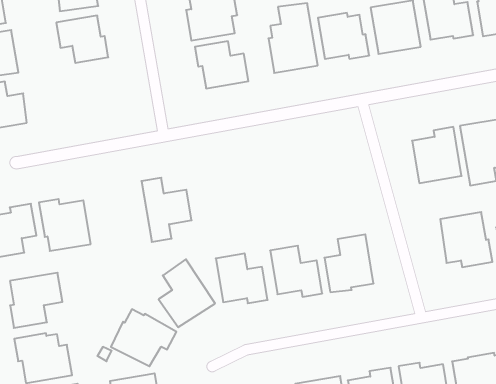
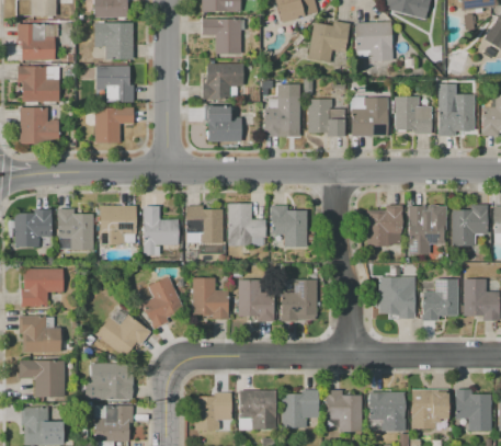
building: none -> [88,107,134,142]
building: none -> [271,205,307,247]
building: none -> [228,204,266,247]
building: none -> [186,205,224,242]
building: none -> [100,206,137,243]

